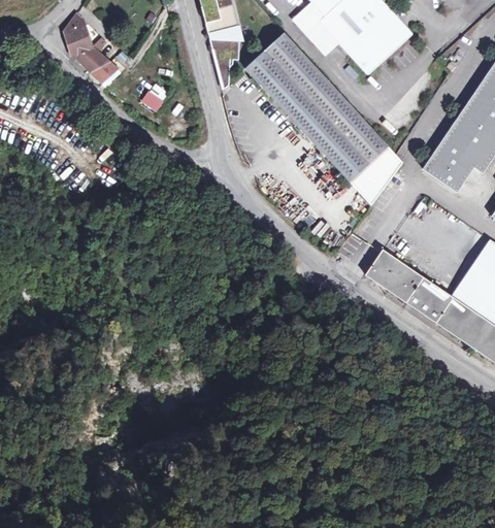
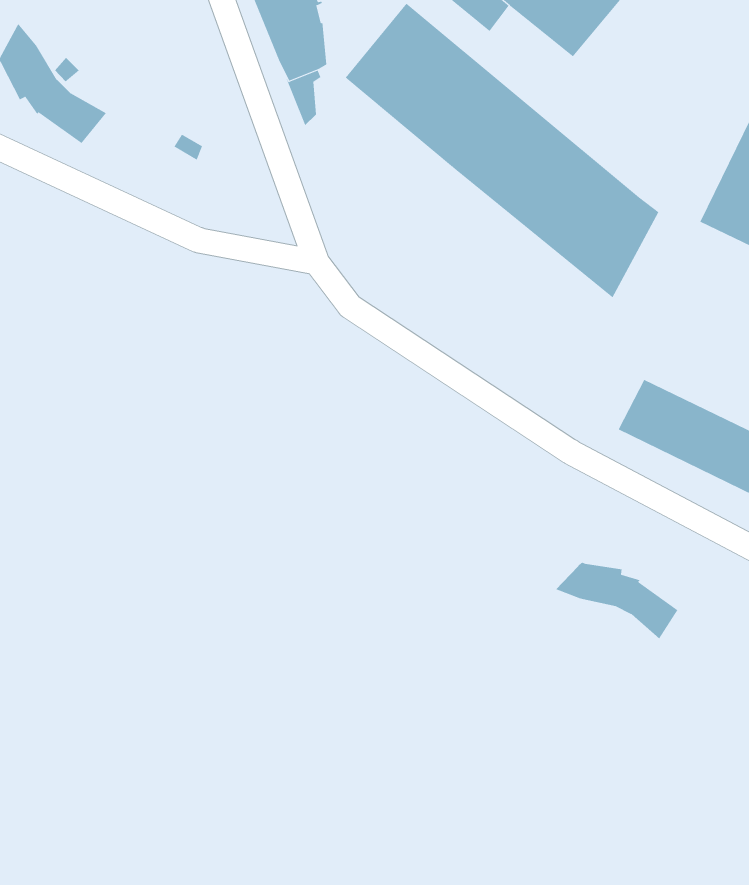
building: none -> [555,562,678,640]

